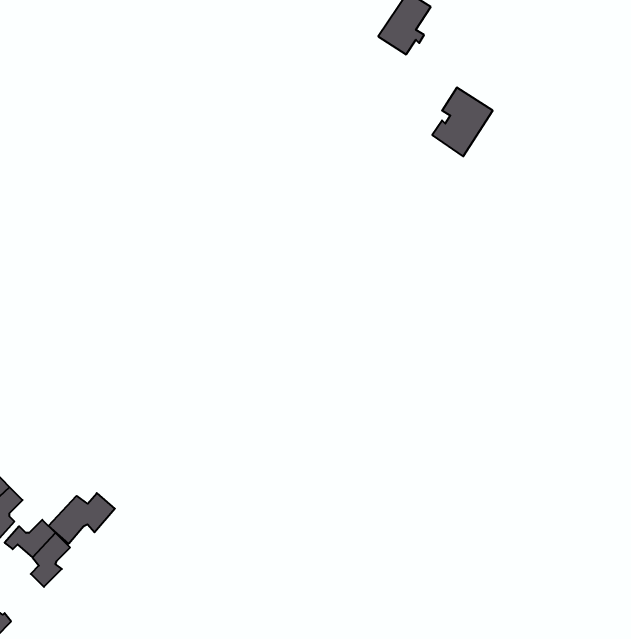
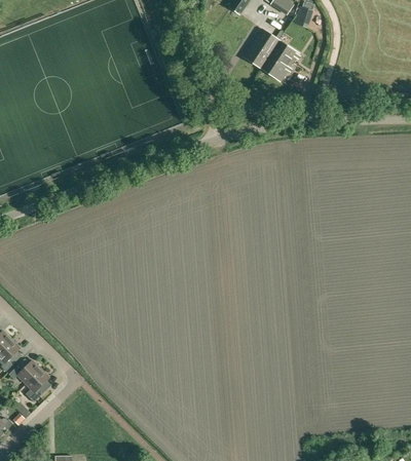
building: [432,88,493,156] -> [261,39,299,82]
building: [48,493,115,544] -> none

